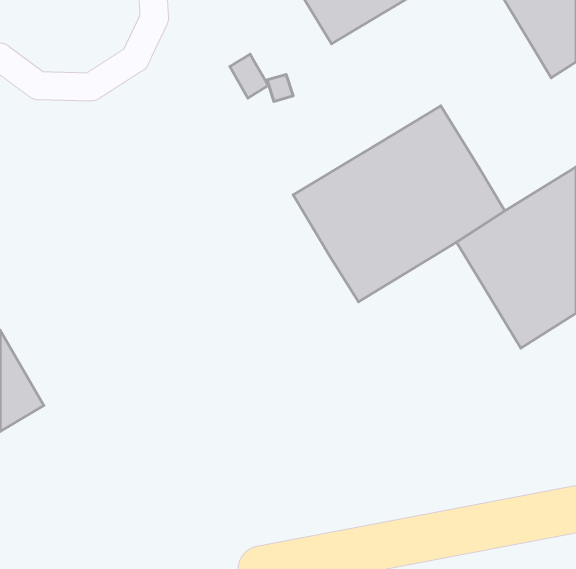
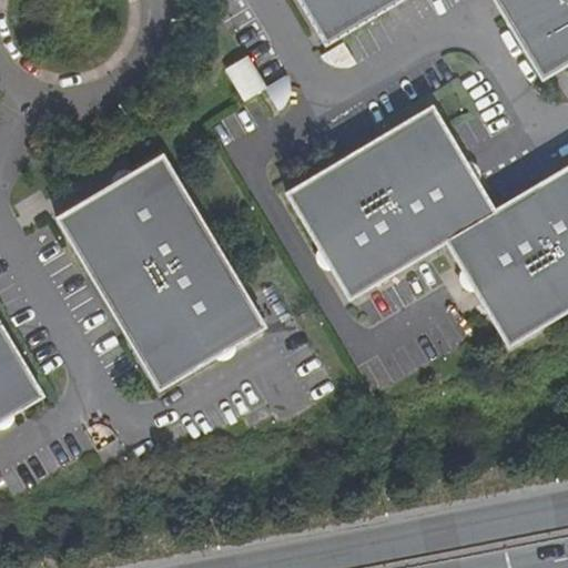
building: none -> [59,155,268,390]

